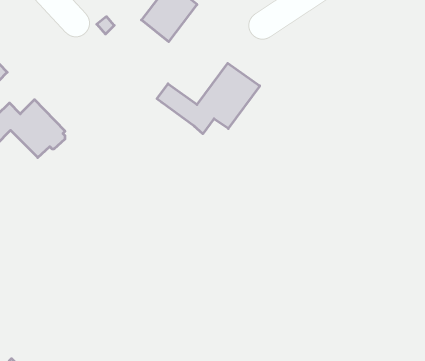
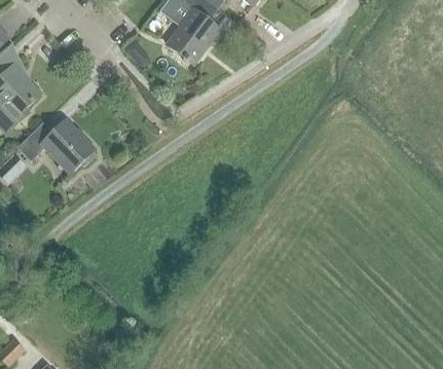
building: [157,63,260,134] -> none

